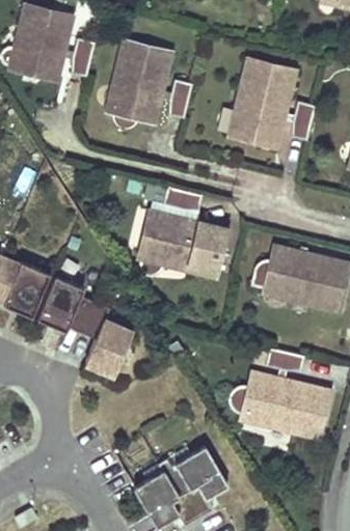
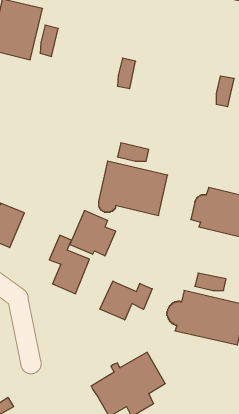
building: [105,43,171,132] -> none
building: [228,60,296,149] -> none
building: [37,276,96,333] -> [70,211,116,256]
building: none -> [100,281,152,320]

